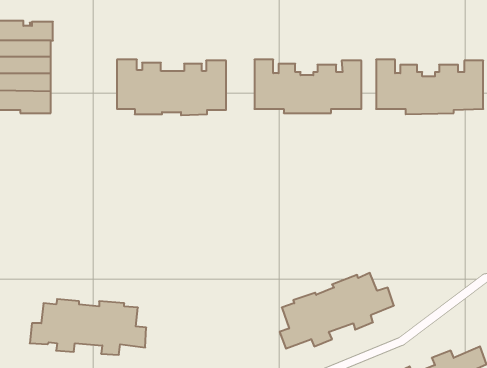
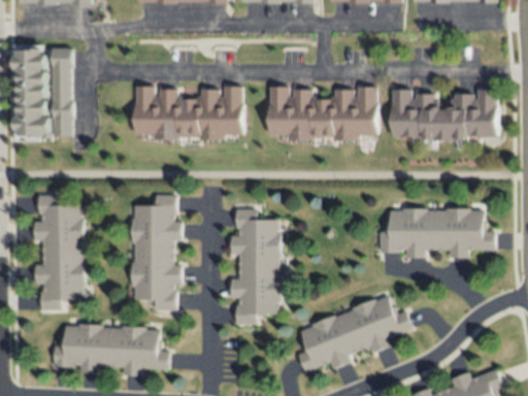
building: none -> [33,195,84,308]
building: none -> [131,195,180,310]
building: none -> [377,206,494,256]
building: none -> [230,209,280,323]

